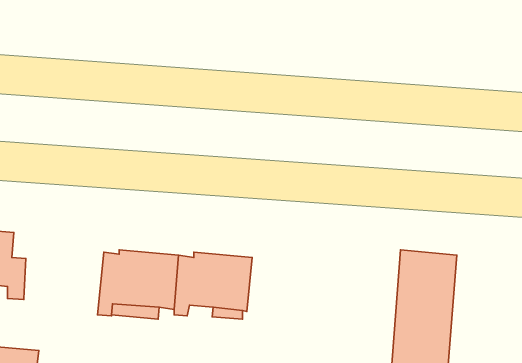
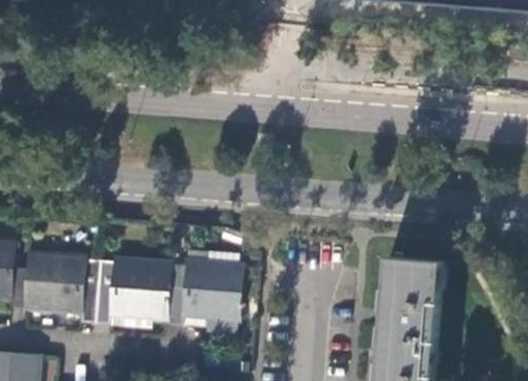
building: none -> [25,251,102,320]

